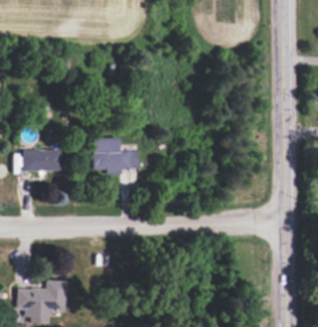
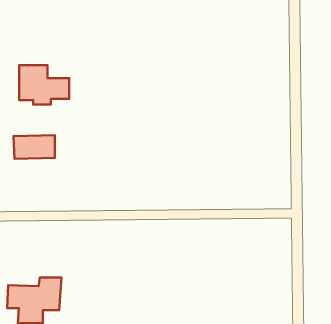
building: [93,138,139,174] -> [19,65,69,104]

